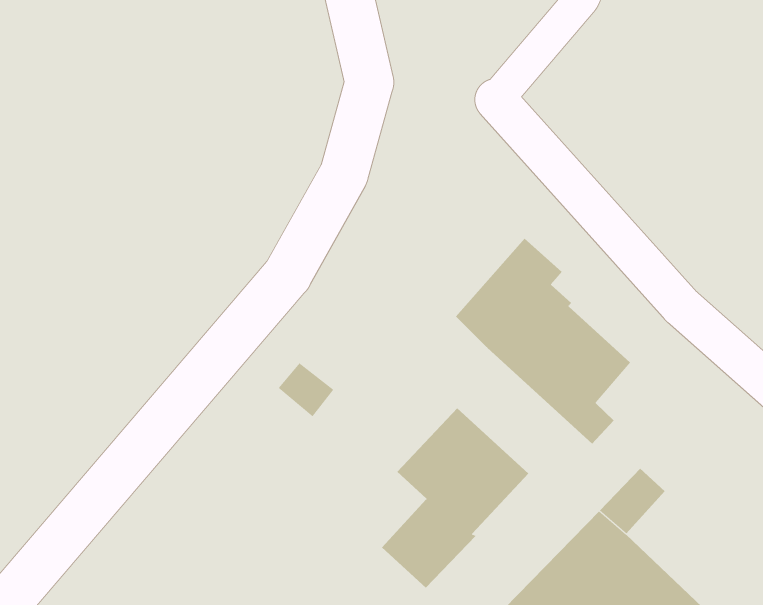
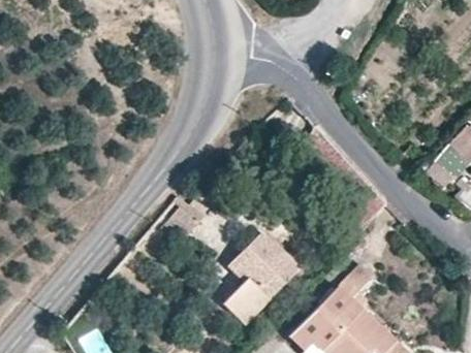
building: [455,238,631,445] -> none

